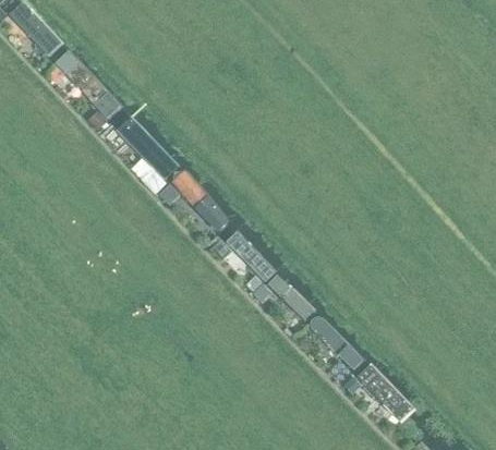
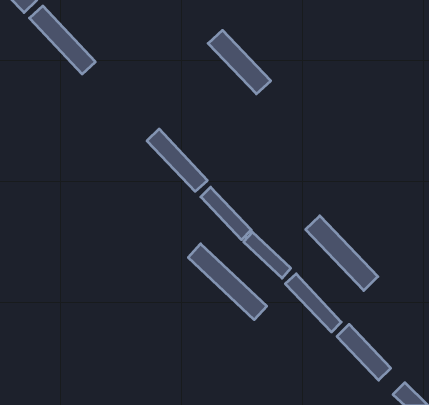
building: [118,115,180,179] -> [208,30,271,94]
building: none -> [306,216,378,291]
building: none -> [188,244,267,320]

